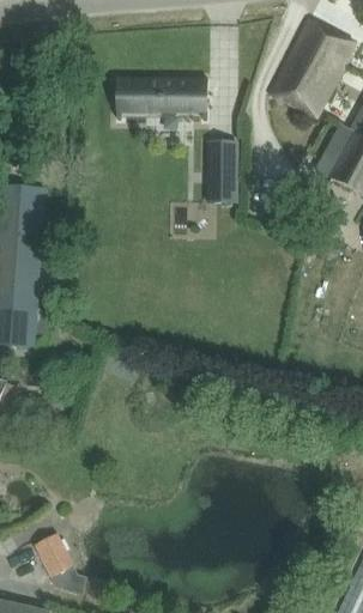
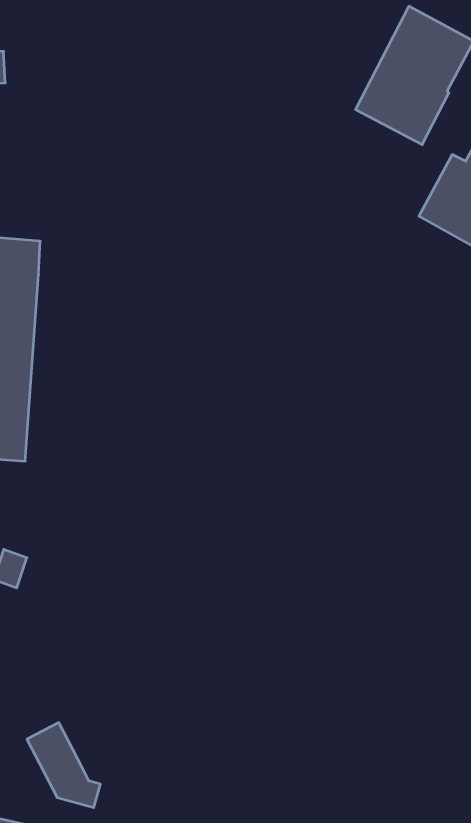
building: [116,78,206,110] -> none
building: [208,141,237,202] -> none

